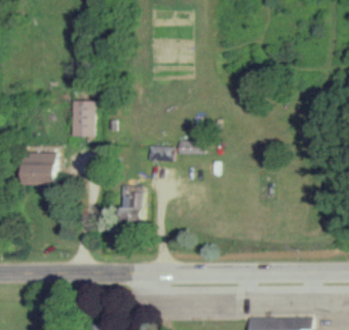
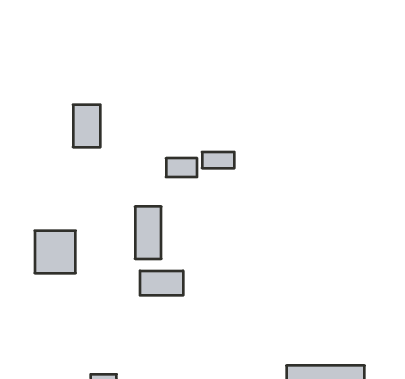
building: [23,152,56,187] -> [35,231,76,273]
building: none -> [140,271,183,295]

